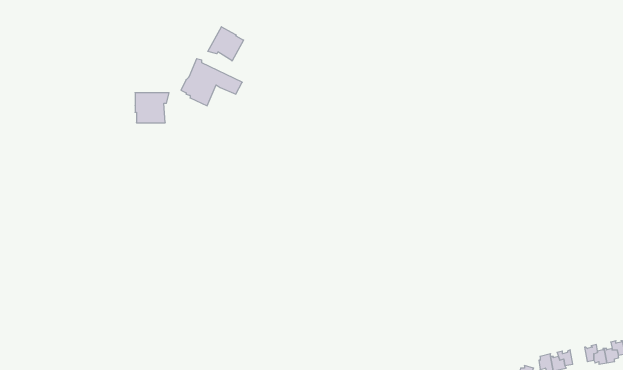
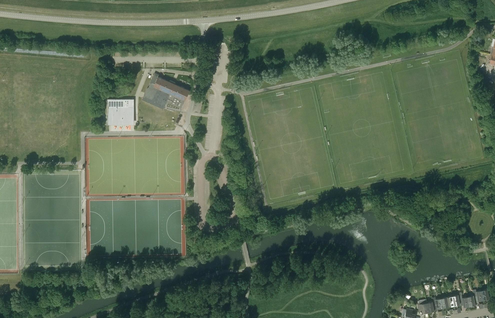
building: [208,27,244,61] -> none

